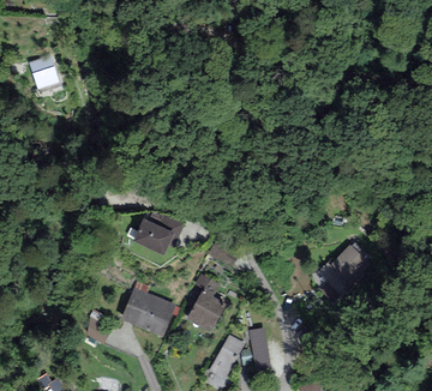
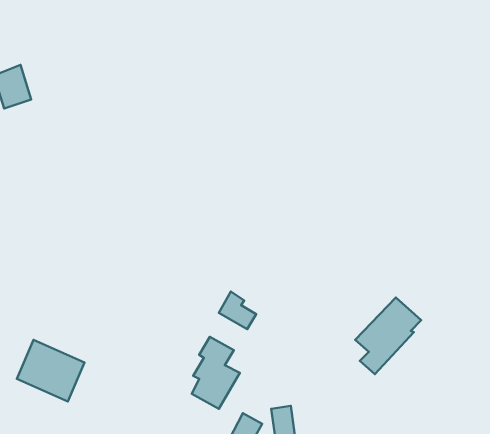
building: [136,217,182,252] -> none
building: [121,289,175,338] -> [17,340,84,401]

